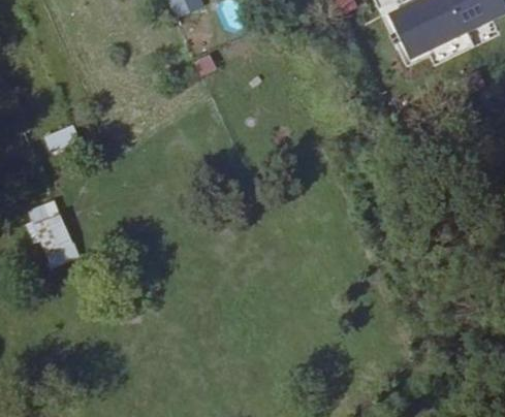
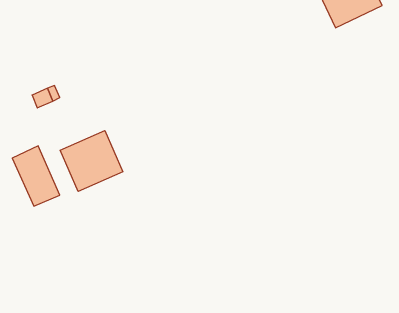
building: none -> [60,131,123,191]

